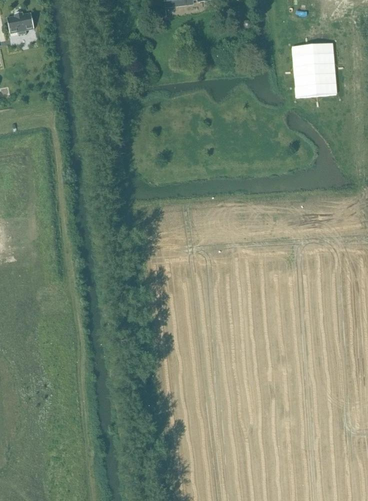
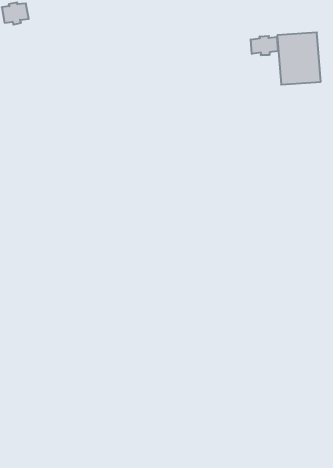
building: none -> [251,36,278,55]

